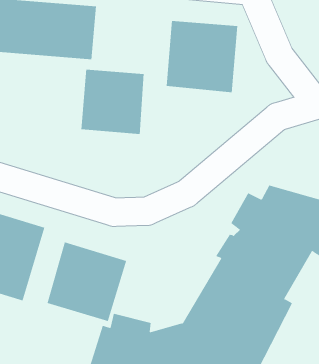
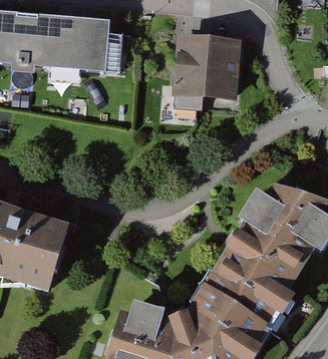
building: [81,69,144,135] -> none
building: [47,241,127,322] -> none

